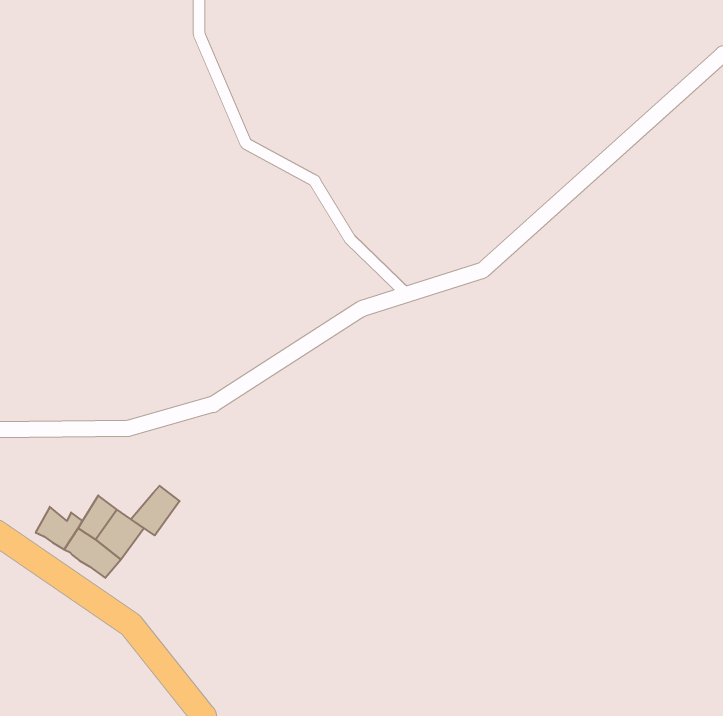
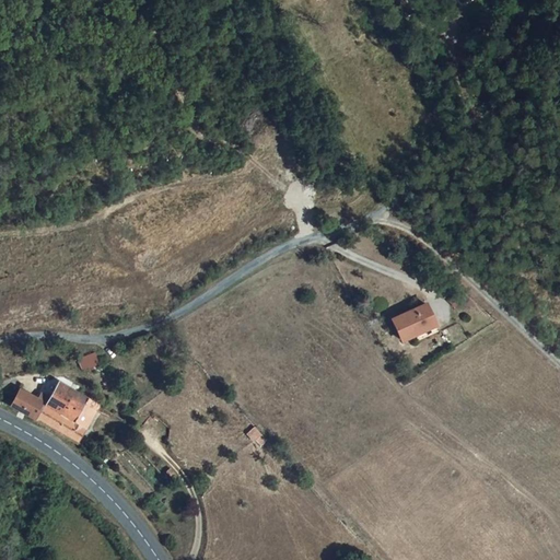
building: none -> [389,300,435,340]
building: [131,486,180,535] -> none

